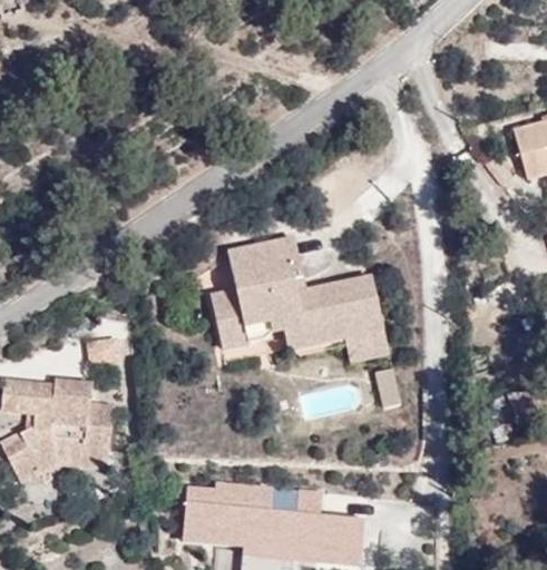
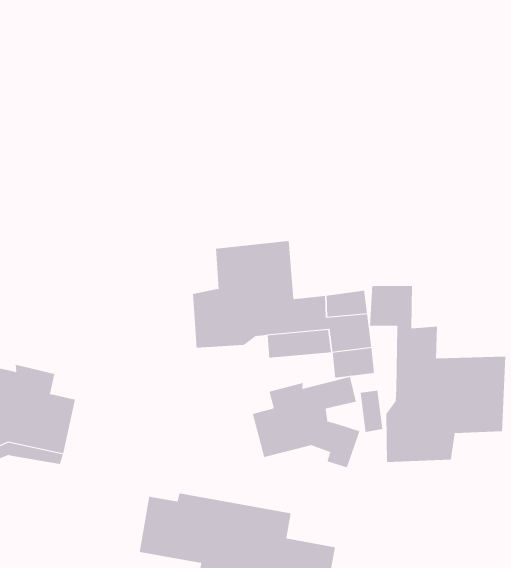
building: none -> [369,285,506,463]
building: none -> [252,376,360,468]

